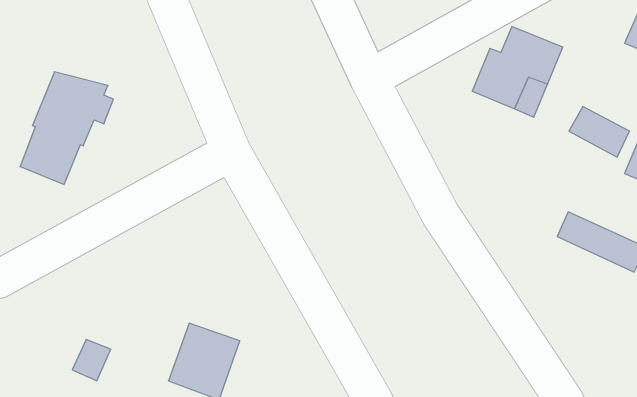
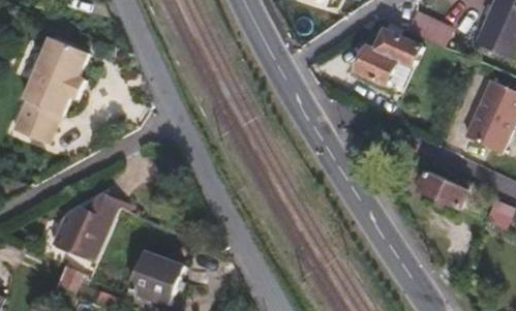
building: none -> [41,38,89,71]
building: [569,106,629,157] -> [411,12,456,51]
building: none -> [52,191,122,260]

